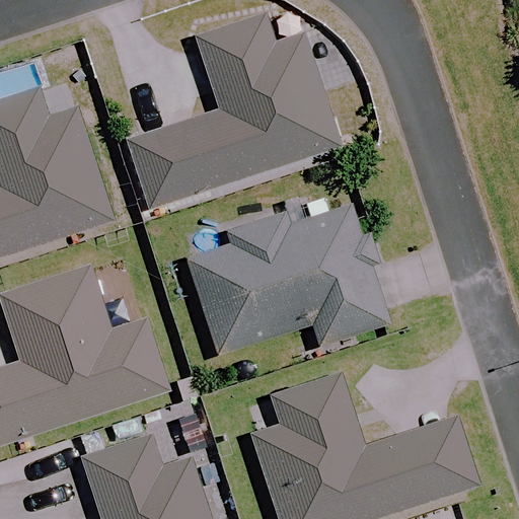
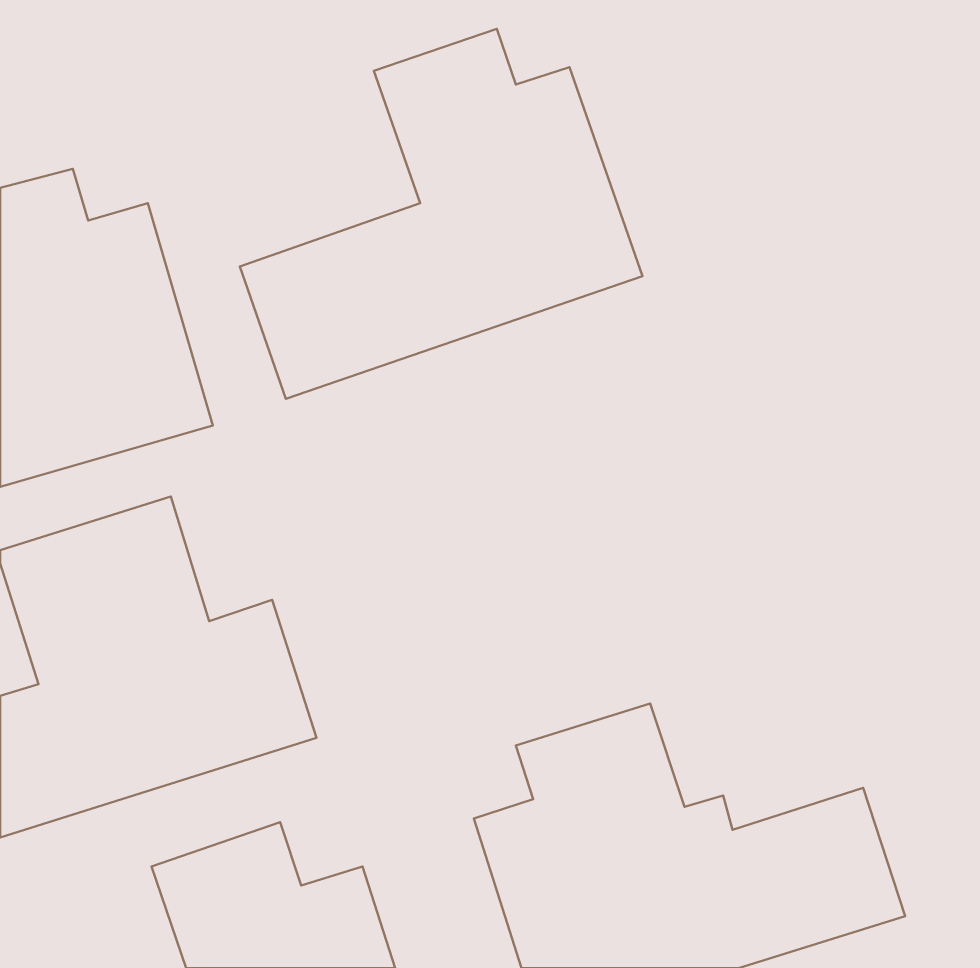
building: [188,204,388,352] -> none

